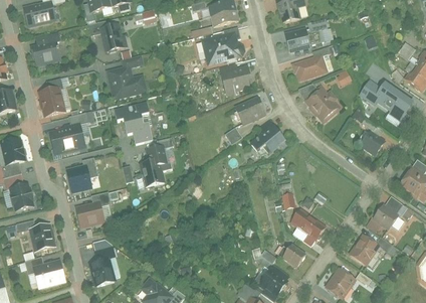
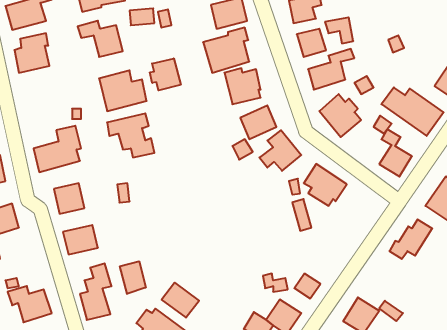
building: none -> [150,58,181,90]
building: [39,77,70,118] -> none
building: [139,136,174,187] -> none
building: [288,206,327,244] -> [304,164,347,206]
building: [29,222,56,250] -> none
building: [346,233,378,266] -> none
building: none -> [120,261,146,294]
building: none -> [162,283,199,318]

